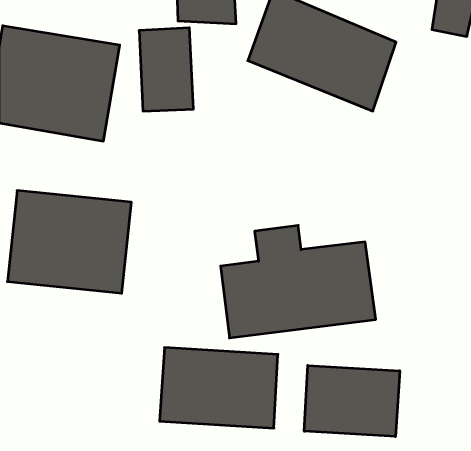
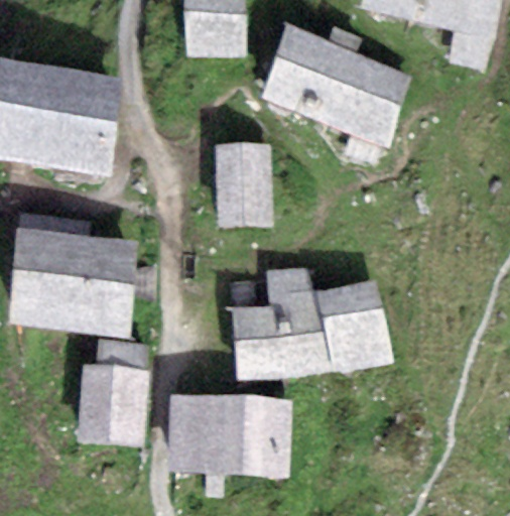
building: [139,28,193,111] -> [217,140,273,227]
building: none -> [77,341,150,447]
building: [304,365,400,437] -> none

